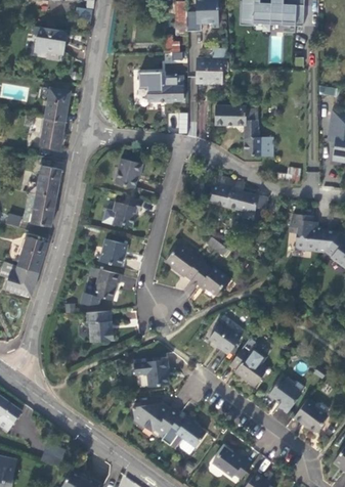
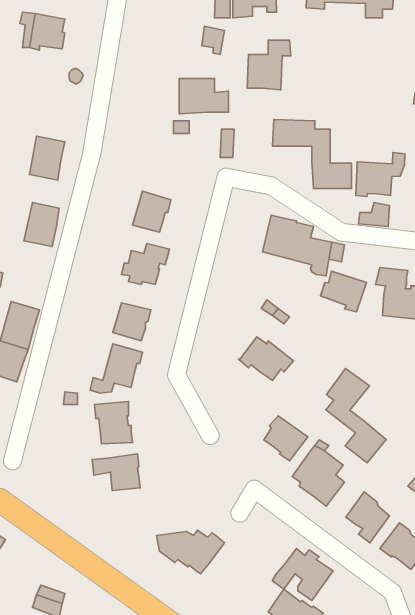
building: [44,88,71,122] -> none
building: none -> [356,152,405,196]
building: [30,193,55,226] -> none
building: none -> [320,271,366,312]
building: [165,243,205,279] -> none
building: none -> [326,369,386,463]
building: [133,359,168,386] -> [92,454,140,491]
building: [161,415,205,453] -> [272,548,333,601]

